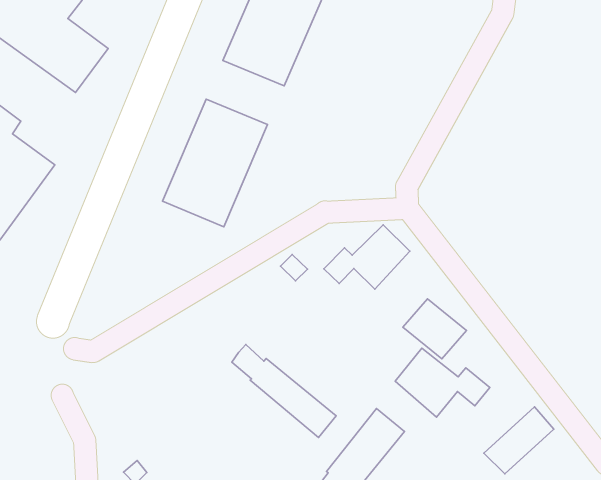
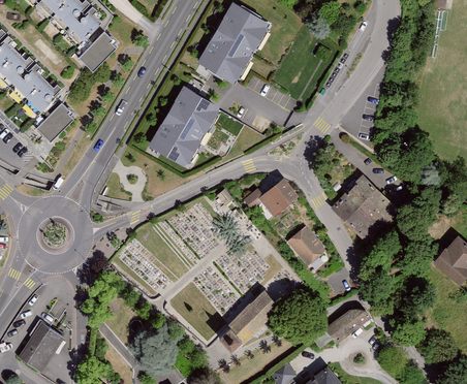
building: none -> [332,174,397,239]
building: [232,344,336,438] -> none
building: [395,348,490,417] -> none

